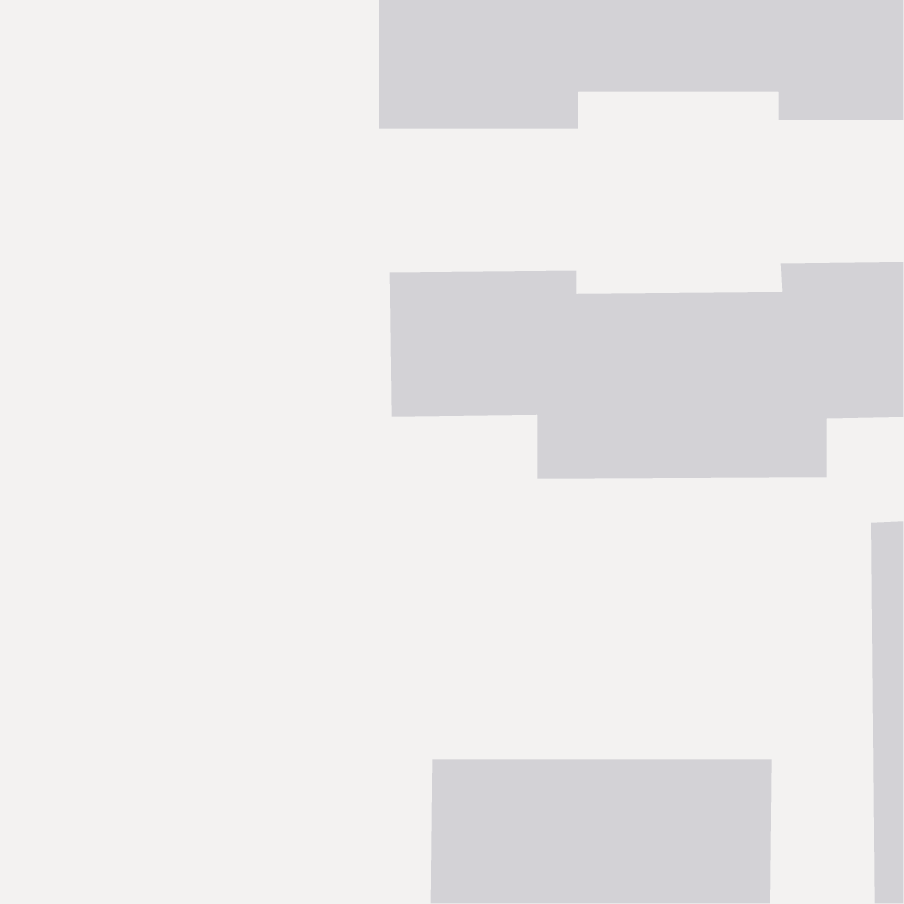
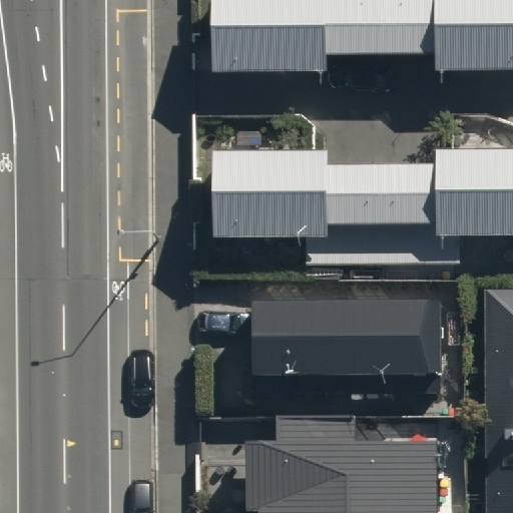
building: none -> [255,296,444,384]

